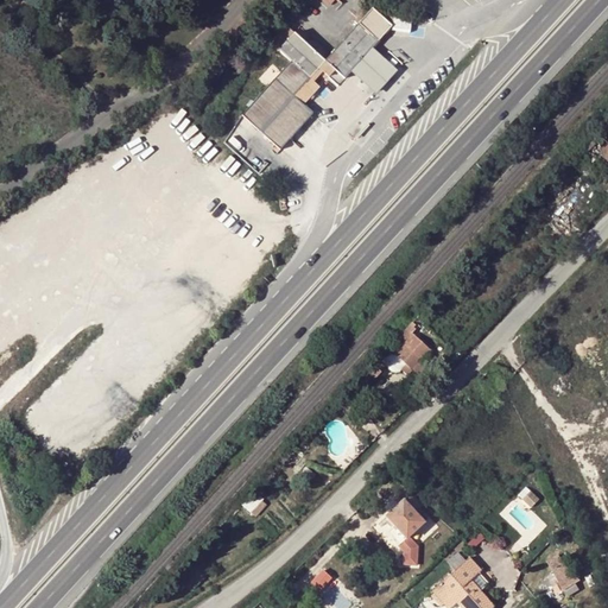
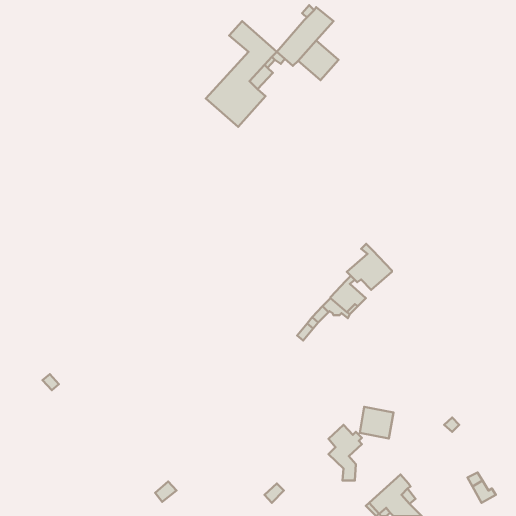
building: none -> [347,244,392,290]
building: none -> [360,407,393,439]

